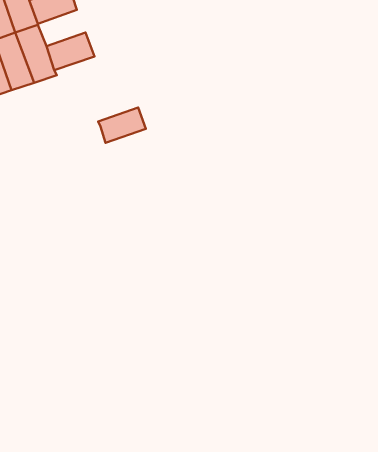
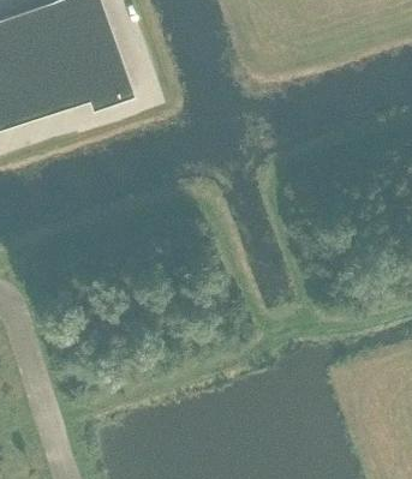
building: none -> [70,30,115,65]
building: [98,108,146,143] -> [85,74,131,108]

